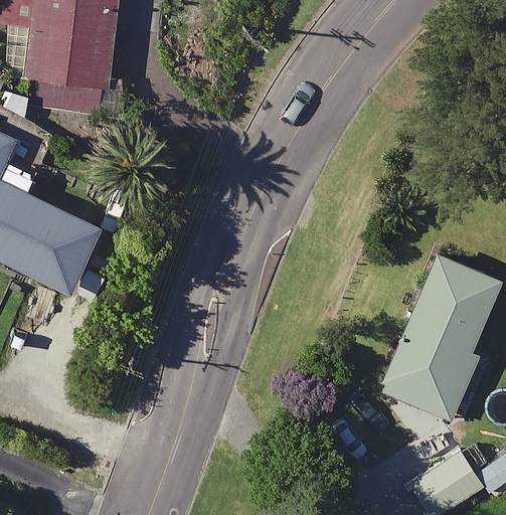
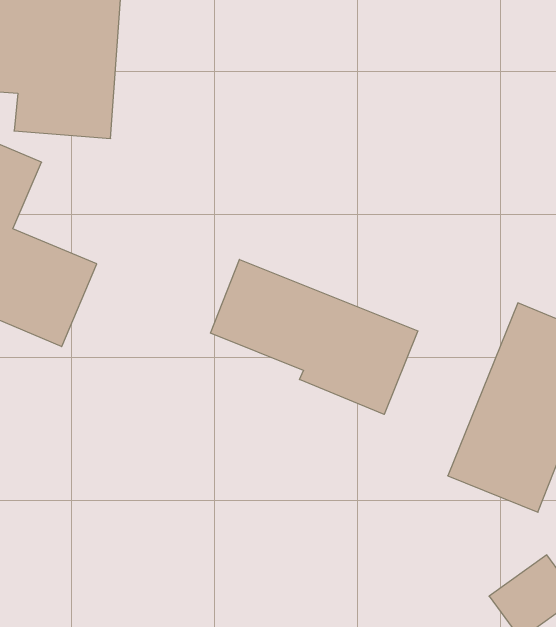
building: none -> [211,259,418,414]

